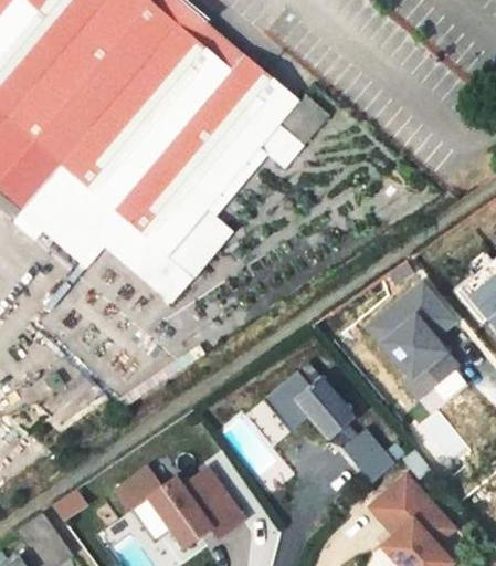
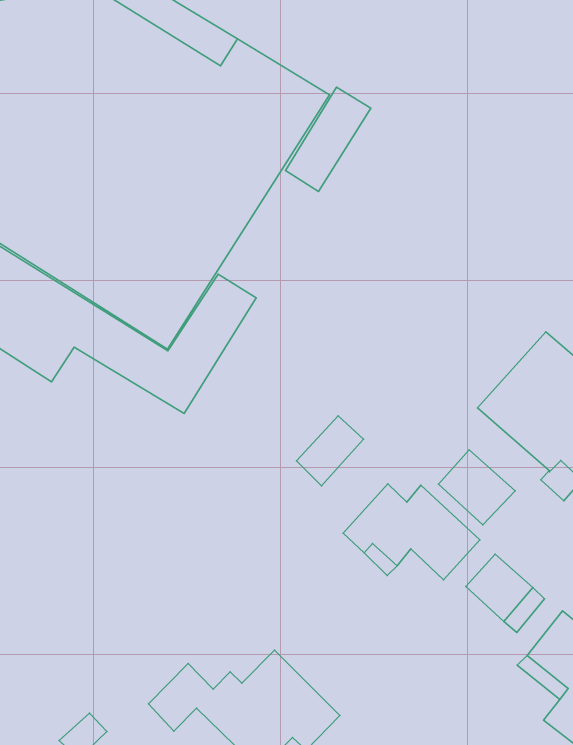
building: none -> [296,416,364,486]
building: none -> [439,450,515,525]

